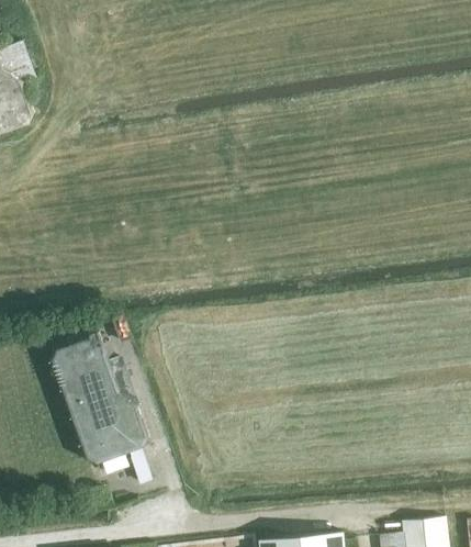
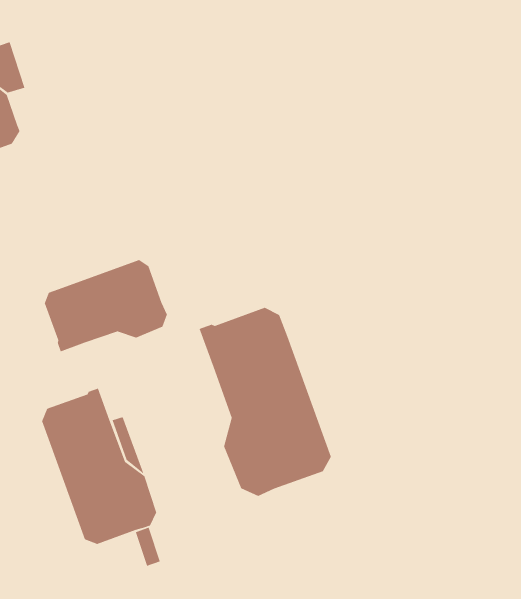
building: none -> [44,259,168,352]
building: none -> [199,307,332,497]

